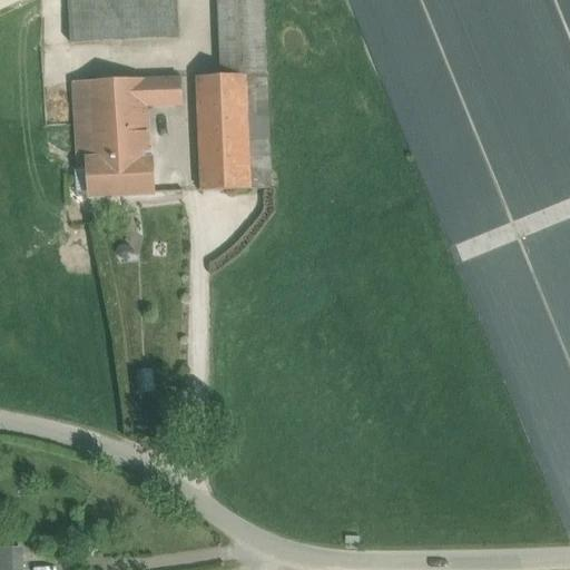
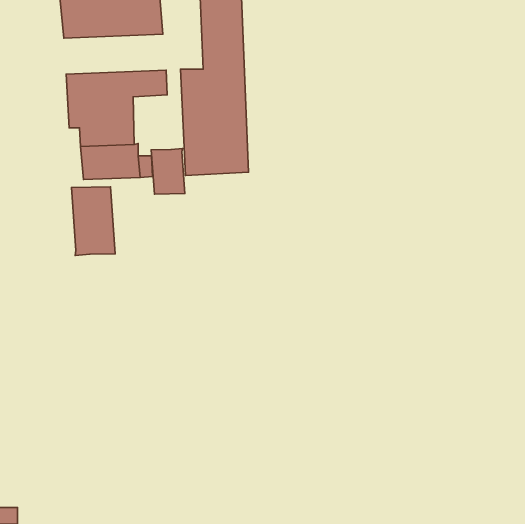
building: none -> [151,148,185,194]
building: none -> [72,187,115,256]

